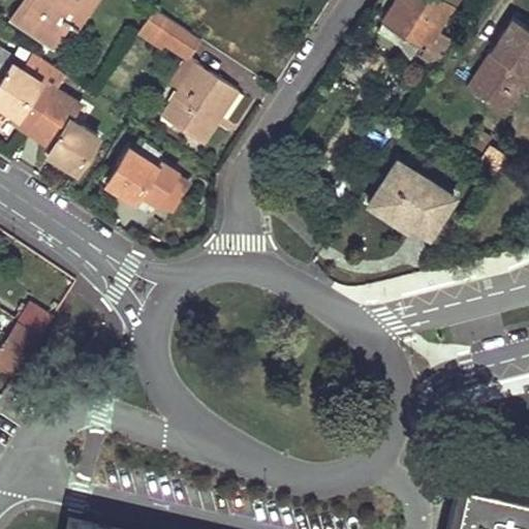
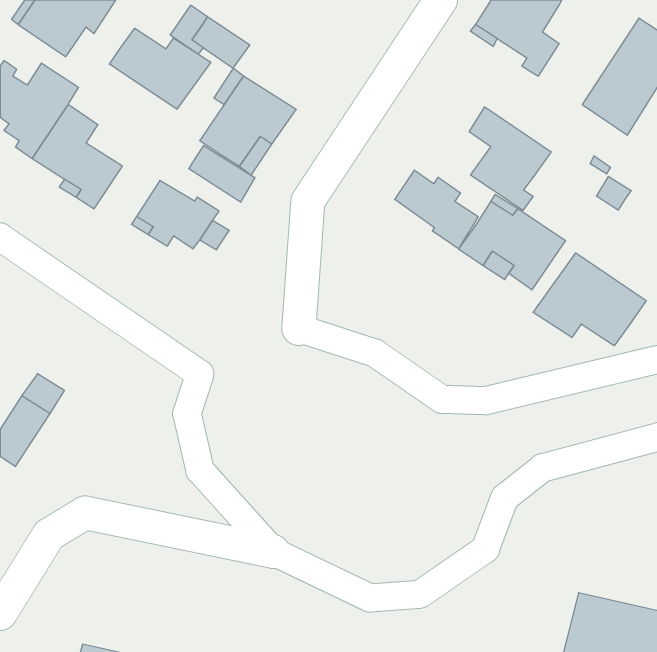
building: none -> [109,28,211,109]
building: none -> [469,107,551,210]
building: none -> [189,145,255,202]
building: none -> [395,170,478,249]
building: none -> [533,253,646,346]

